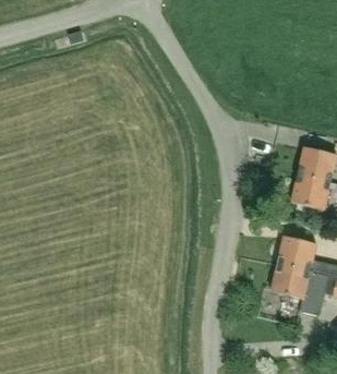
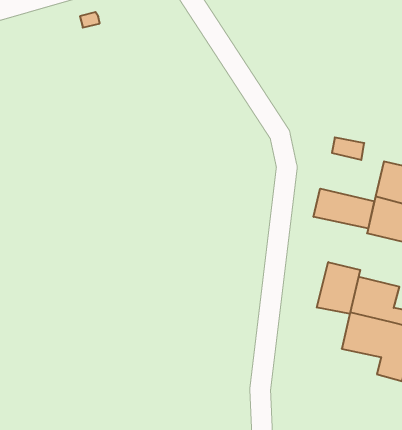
building: none -> [314,189,374,229]
building: none -> [317,262,360,314]

